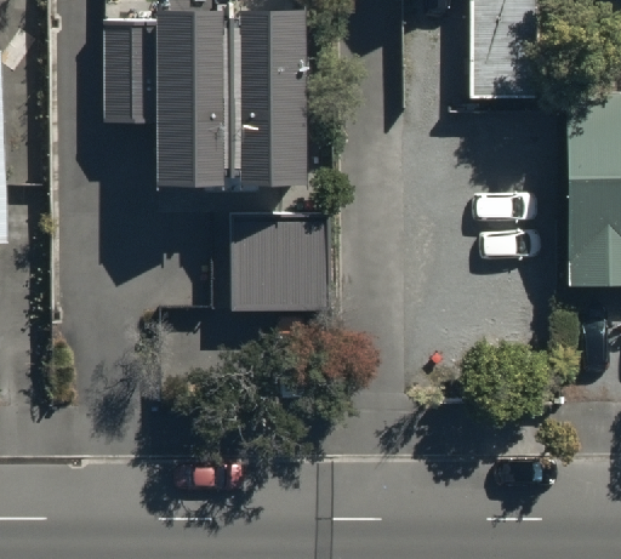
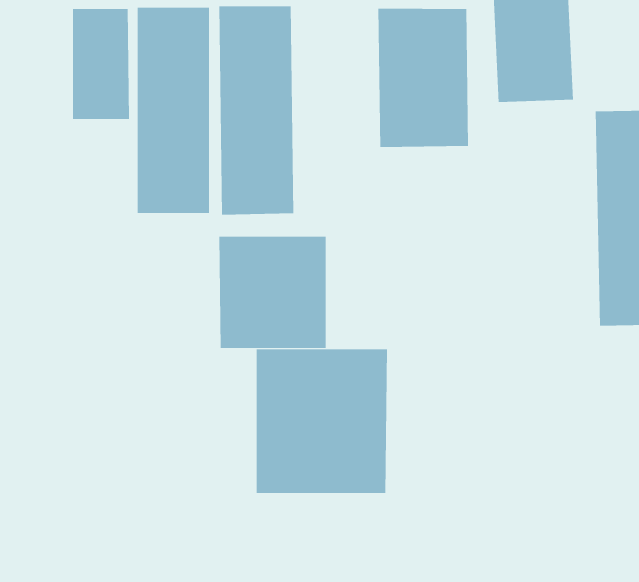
building: none -> [378,8,469,148]
building: none -> [256,349,387,494]

